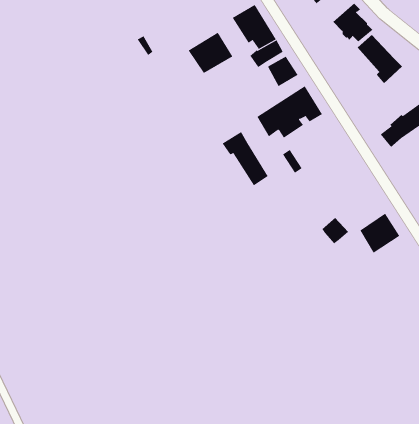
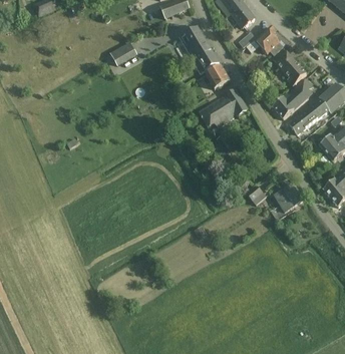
building: [188,32,233,74] -> none
building: none -> [273,78,313,118]
building: [222,131,269,186] -> none

